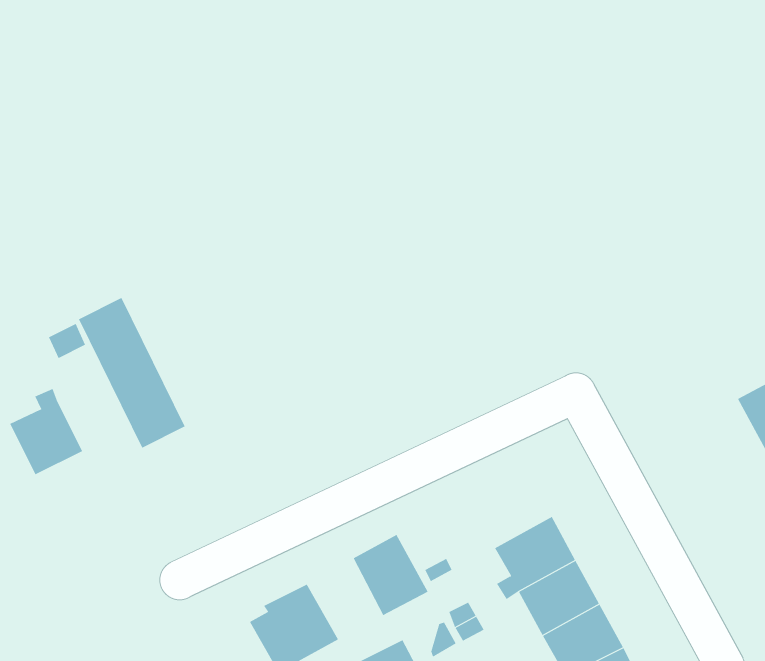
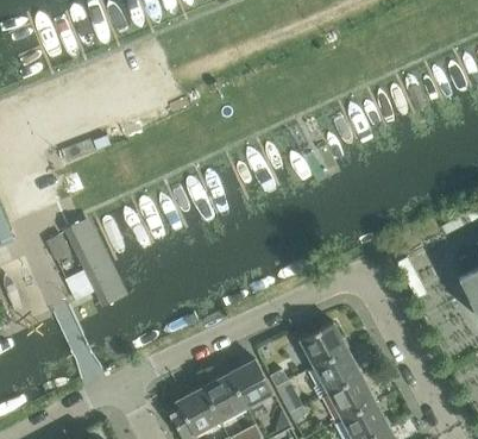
building: [10,388,83,475] -> none
building: none -> [298,322,347,368]
building: none -> [201,374,246,422]

